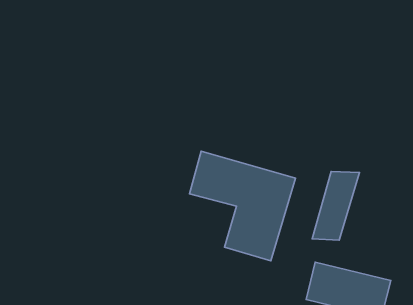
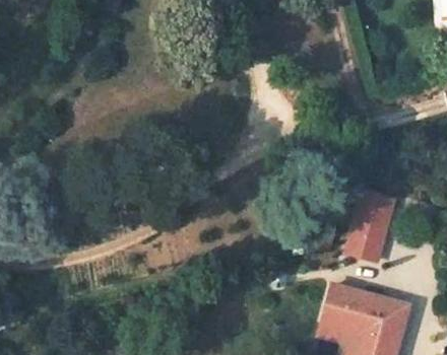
building: [190,151,295,261] -> none

